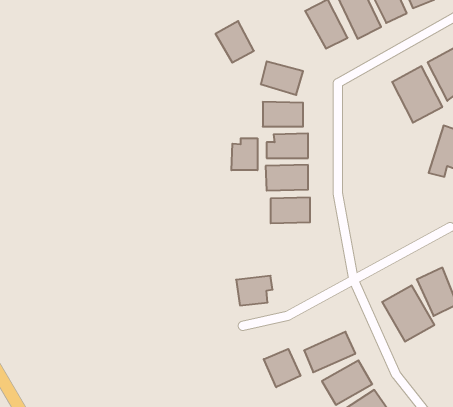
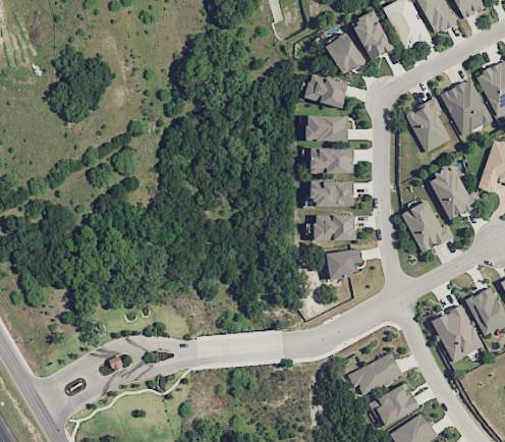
building: [215,21,254,63] -> [325,32,364,74]
building: none -> [407,98,449,152]
building: [231,138,257,170] -> none
building: none -> [428,165,475,220]
building: none -> [402,201,453,253]
building: [236,276,273,305] -> [325,247,362,278]
building: [264,349,300,387] -> none

